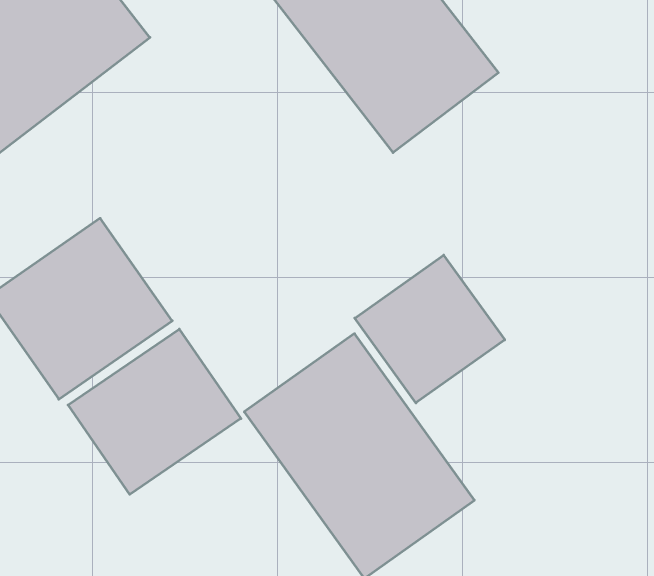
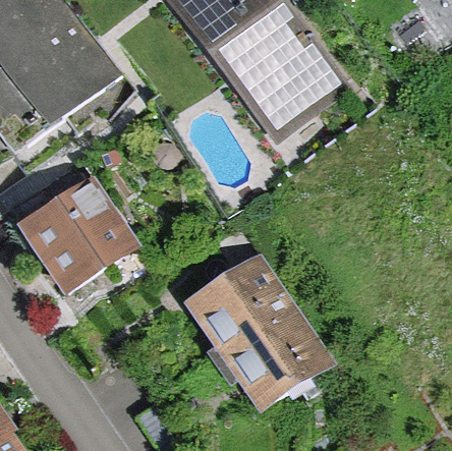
building: [355,255,505,403] -> none
building: [68,329,241,494] -> none

